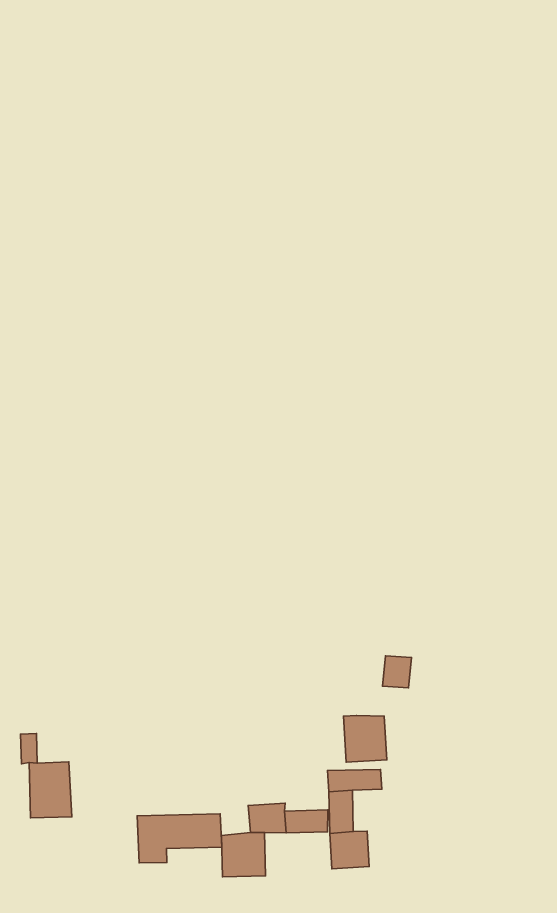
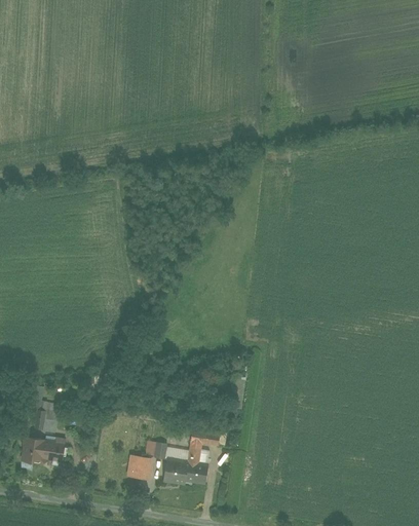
building: [344,715,387,762] -> none
building: [137,814,222,863] -> [20,437,66,463]
building: none -> [163,460,187,483]

